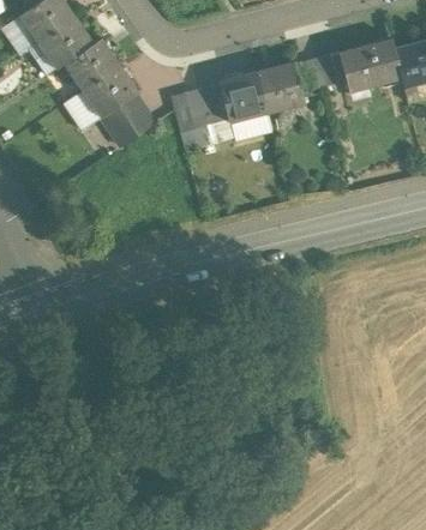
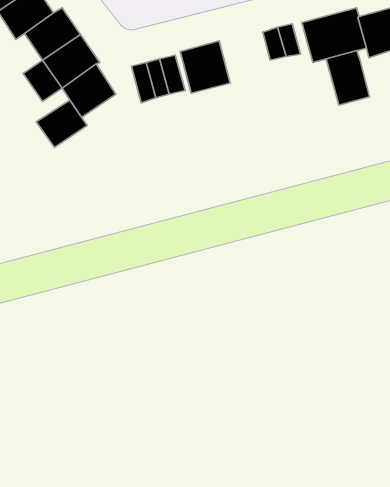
building: [256,61,304,113] -> none
building: none -> [326,51,369,105]
building: none -> [36,100,87,147]

